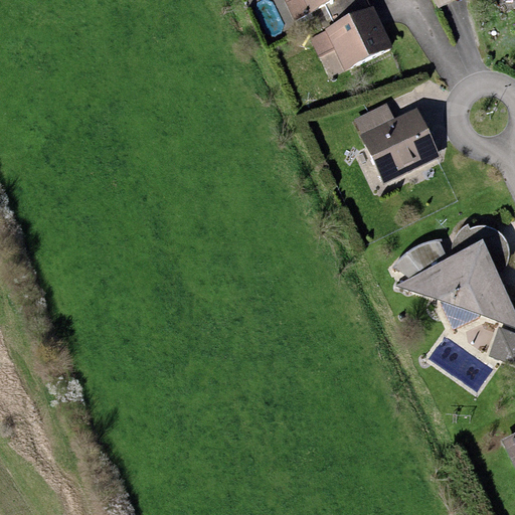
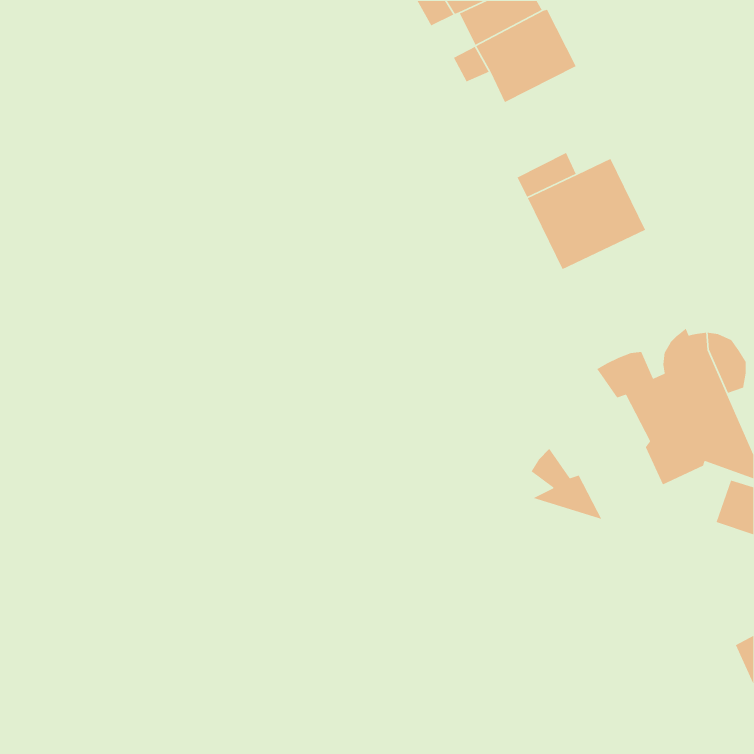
building: [393,251,443,301] -> [530,448,603,520]

